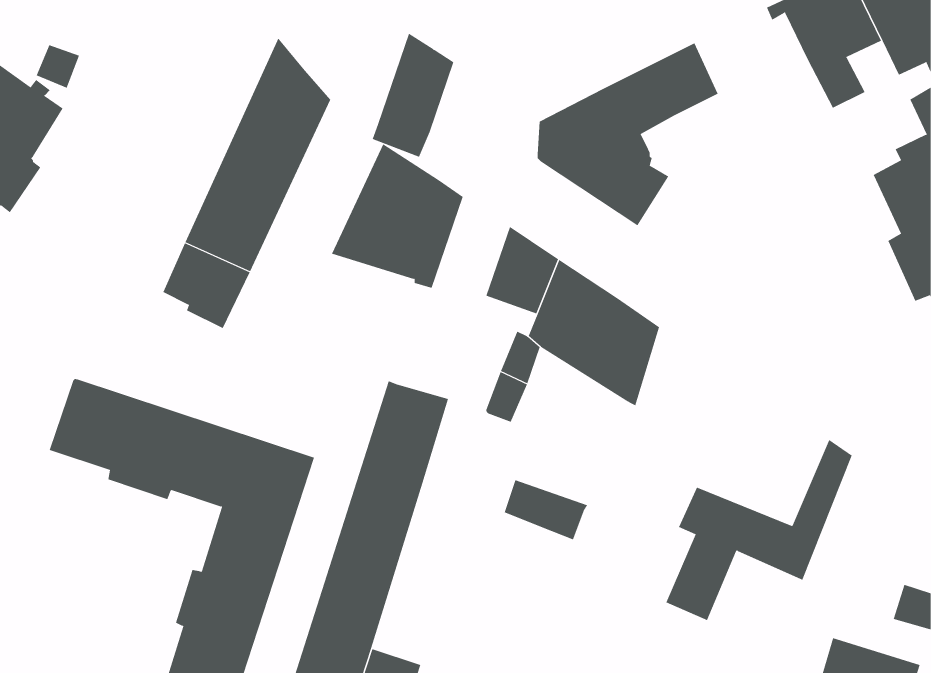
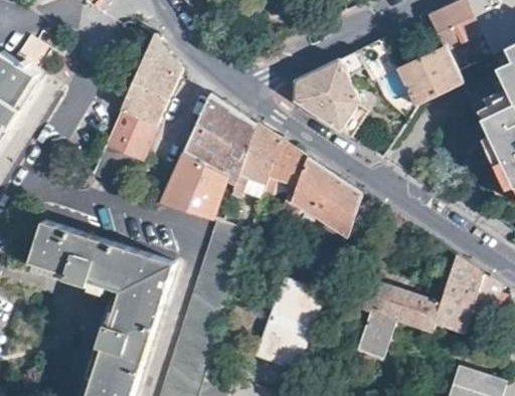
building: none -> [381,30,462,107]
building: [372,33,454,158] -> [234,122,280,190]
building: none -> [158,153,227,220]
building: none -> [439,263,499,339]

